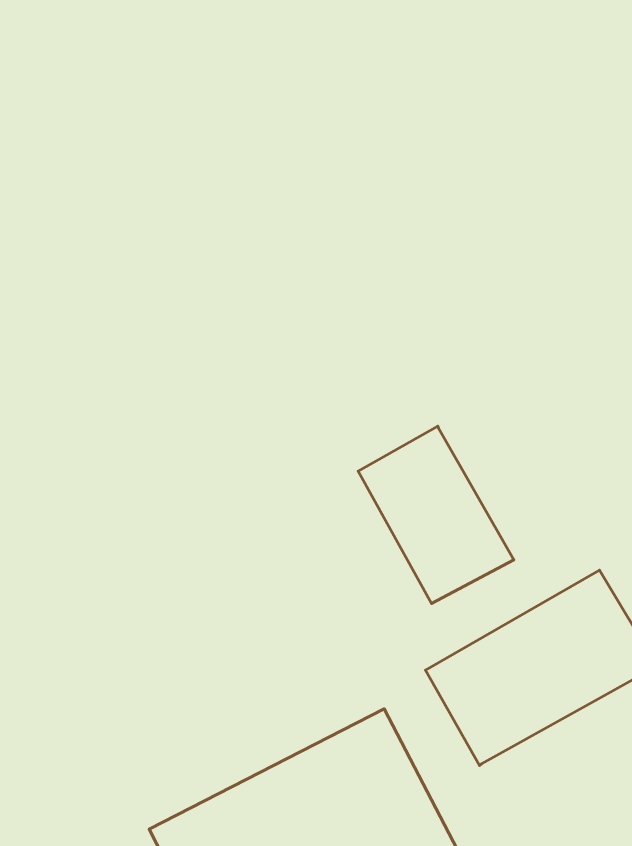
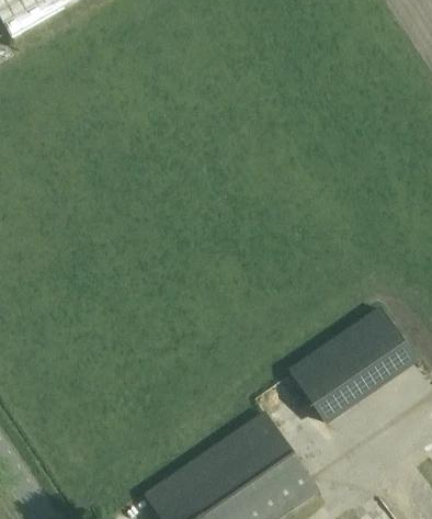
building: [358,426,514,604] -> none

